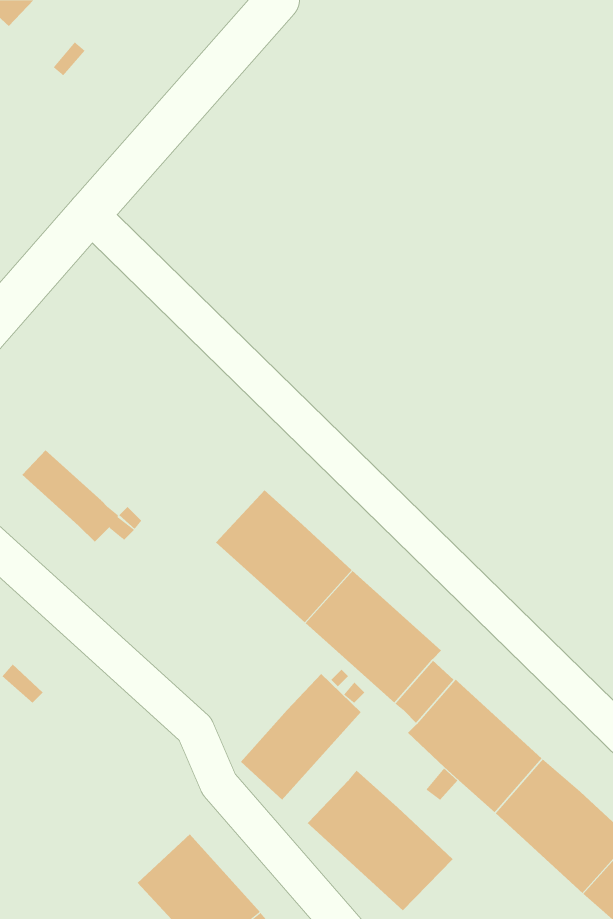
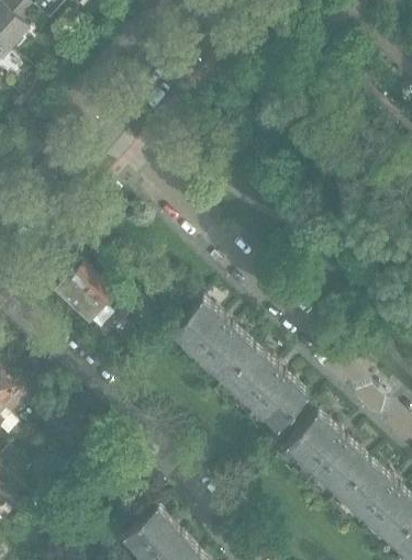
building: none -> [68,260,116,307]
building: [240,673,361,800] -> none
building: [306,770,454,911] -> none

